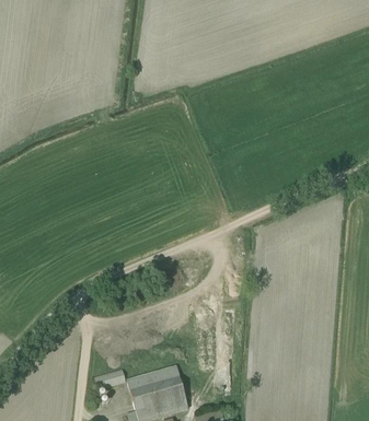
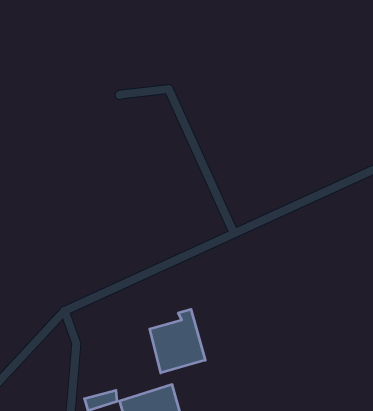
building: none -> [150,309,205,373]

